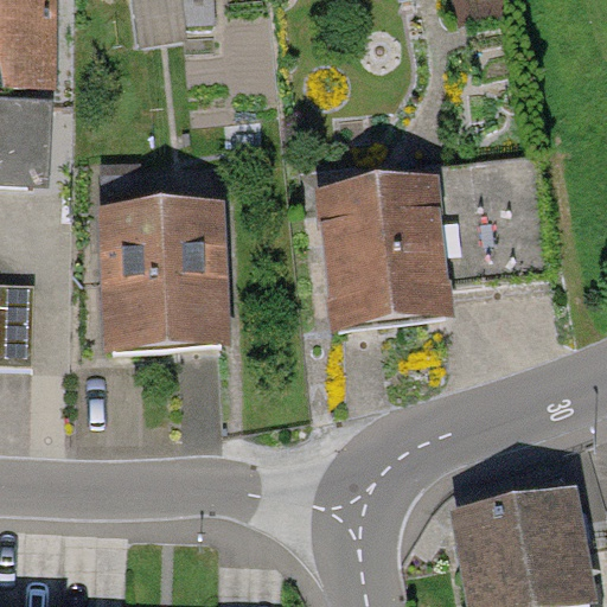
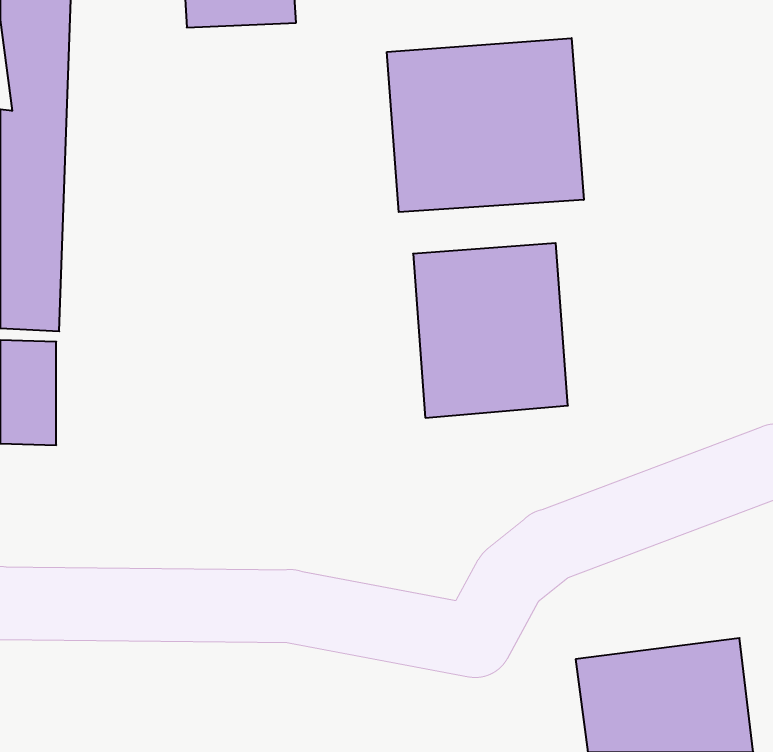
building: none -> [387,38,584,212]
building: [94,210,224,349] -> none

